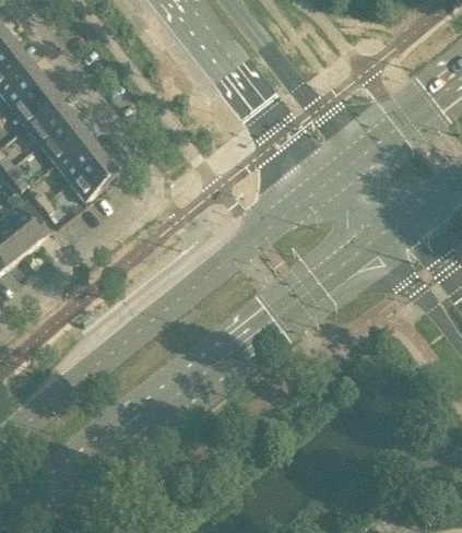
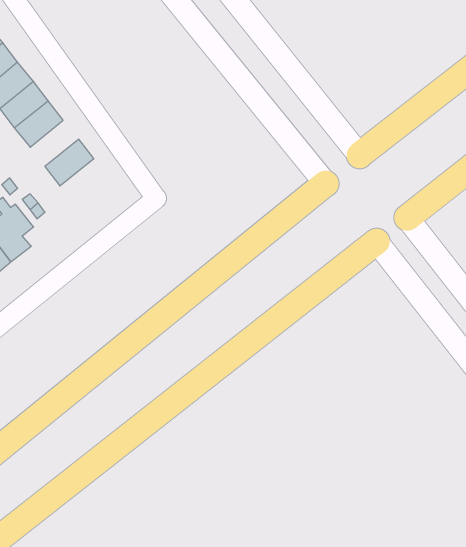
building: [39,116,86,161] -> none
building: [68,153,116,198] -> none

